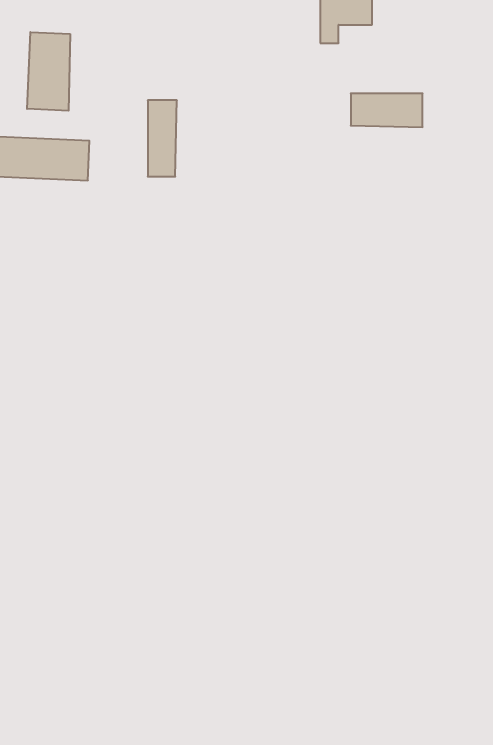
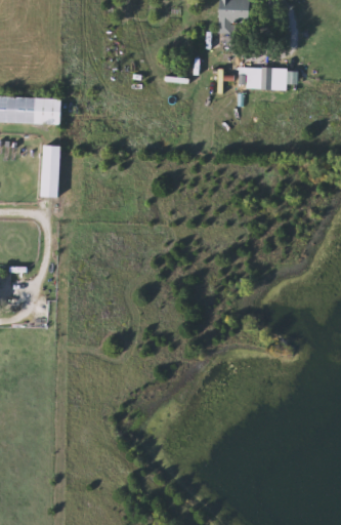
building: [27,32,70,111] -> none
building: [148,100,177,177] -> [41,146,60,197]

